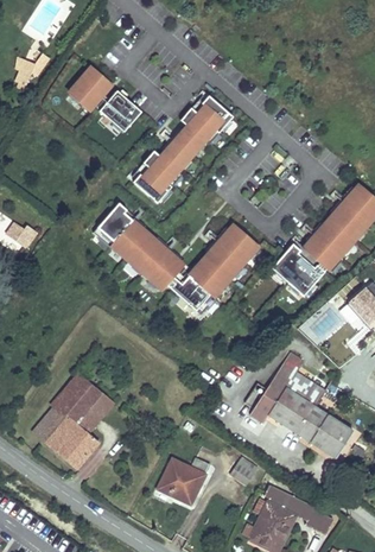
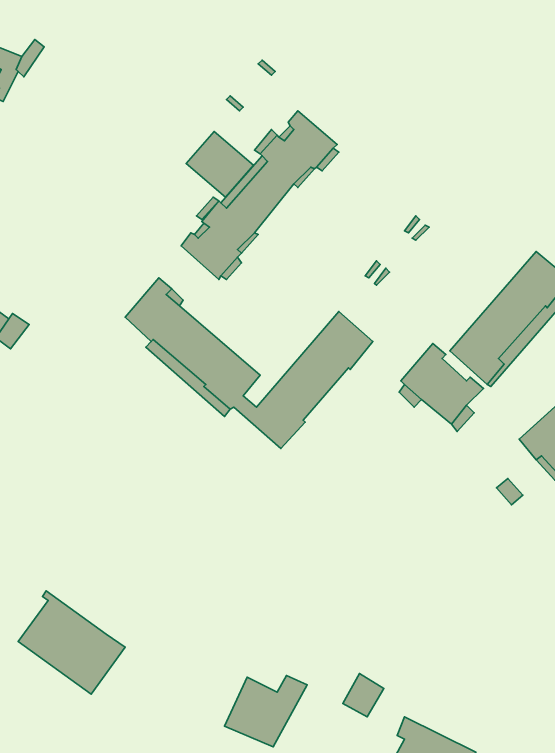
building: [69,68,110,110] -> none
building: [98,91,141,133] -> [186,132,254,197]
building: [258,353,362,458] -> none
building: [47,368,109,429] -> none

